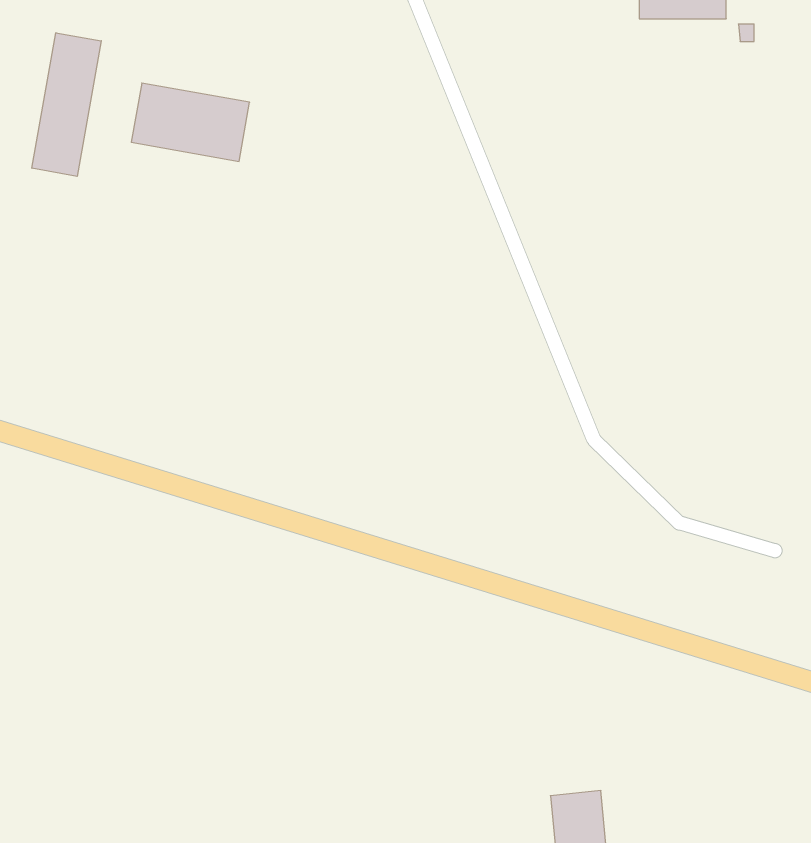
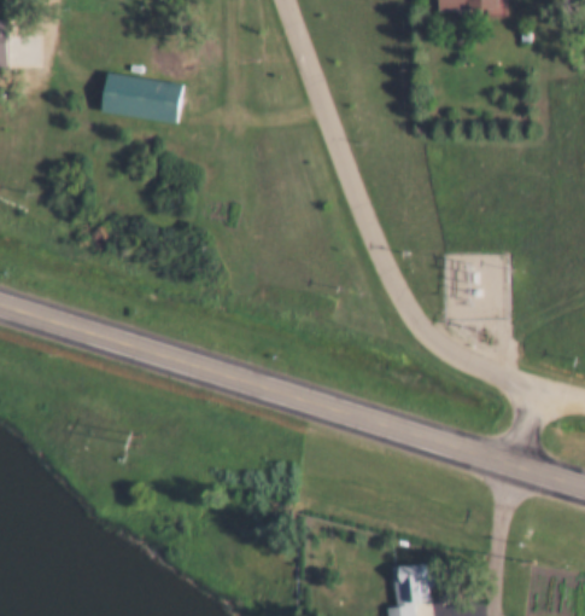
building: [32,33,101,176] -> none

